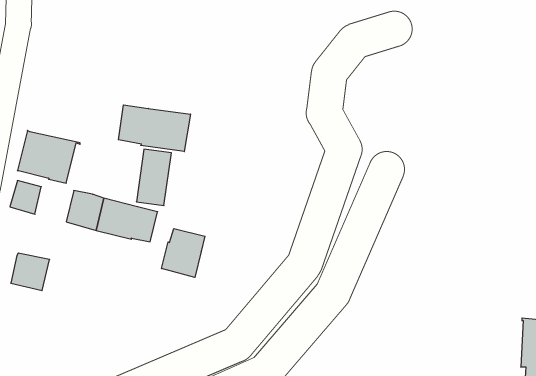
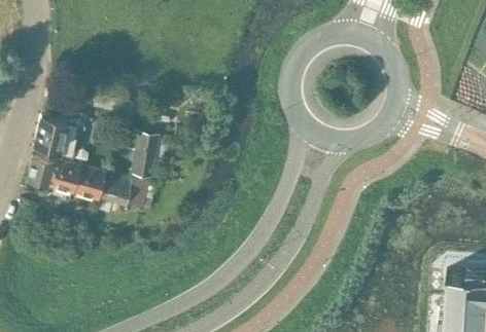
building: [118,105,190,152] -> none
building: [162,229,205,277] -> none
building: [11,253,50,291] -> [46,162,78,193]

